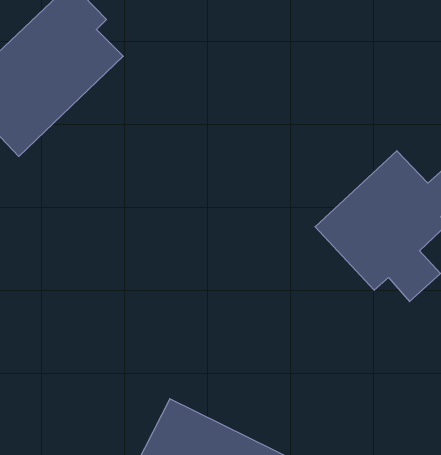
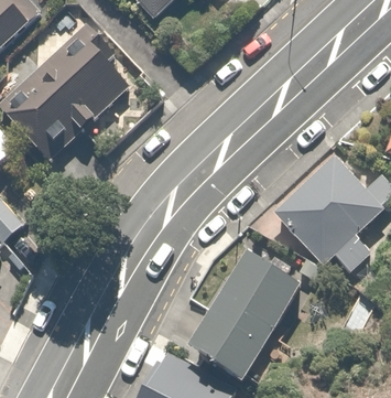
building: none -> [185,243,305,380]

